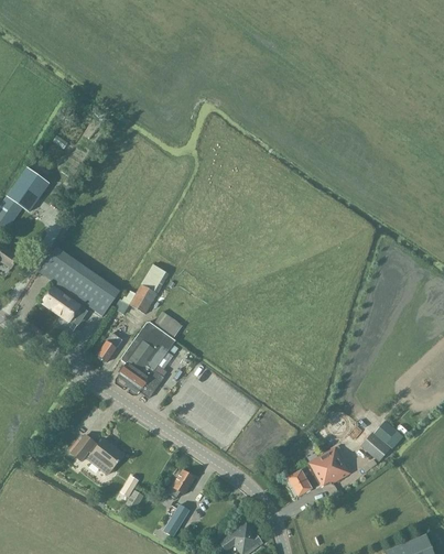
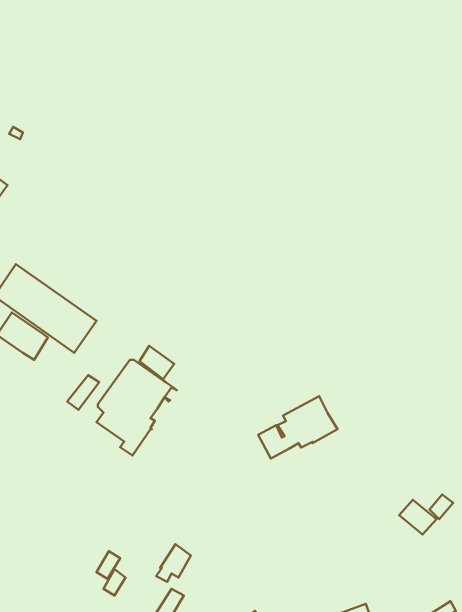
building: [128,264,165,315] -> none
building: [68,434,122,476] -> none
building: [286,447,349,497] -> [258,396,337,458]

